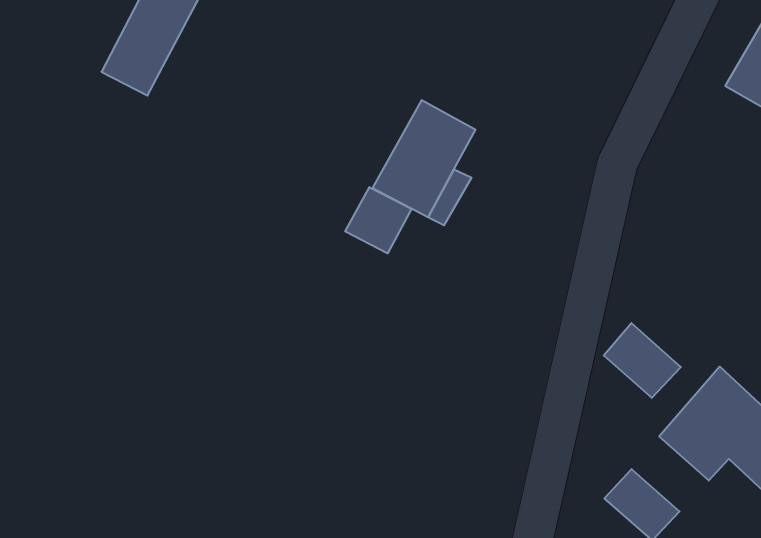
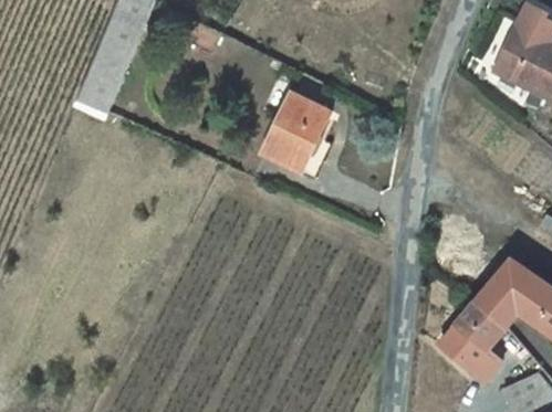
building: [345,187,412,253] -> none
building: [604,323,681,398] -> [455,304,507,352]

